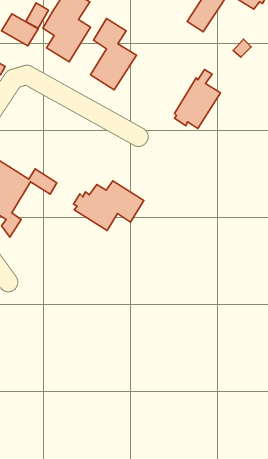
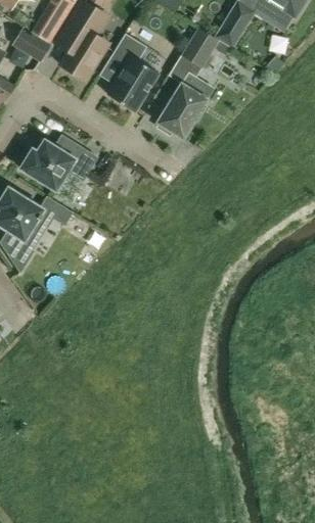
building: none -> [181,28,231,67]
building: [175,69,221,129] -> [158,74,208,138]
building: [73,181,144,230] -> [19,136,96,190]

